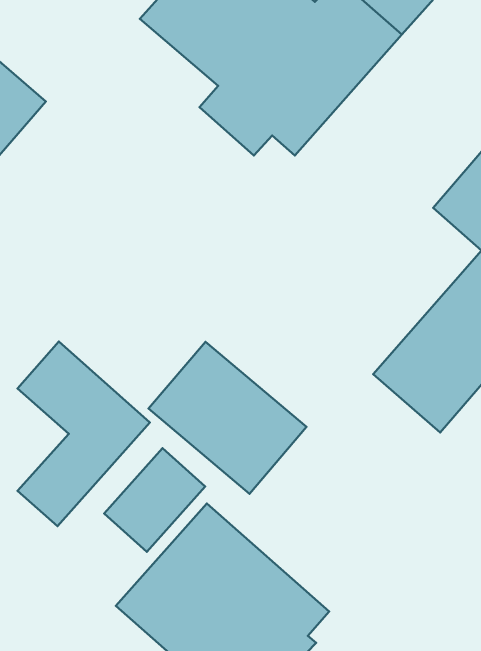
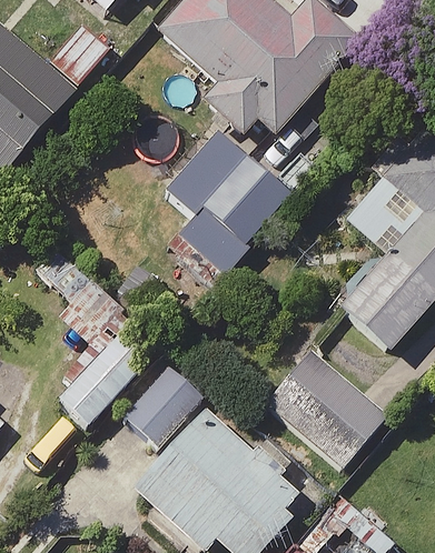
building: none -> [165,127,296,274]
building: [148,342,306,494] -> [269,350,393,469]

